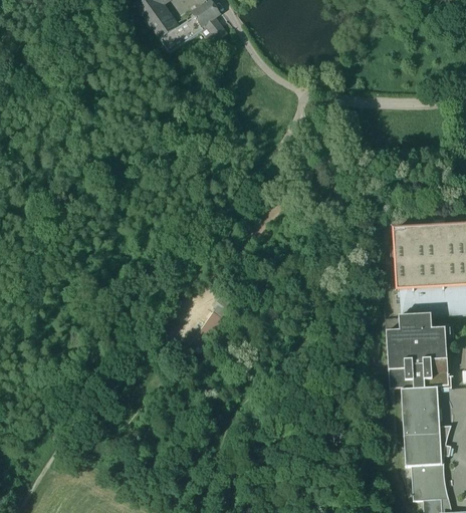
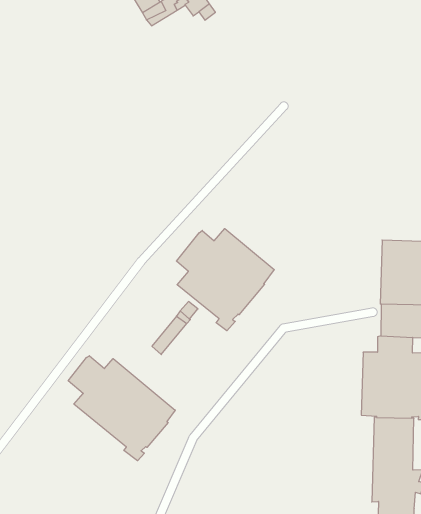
building: none -> [176,229,274,331]
building: none -> [68,356,175,461]

